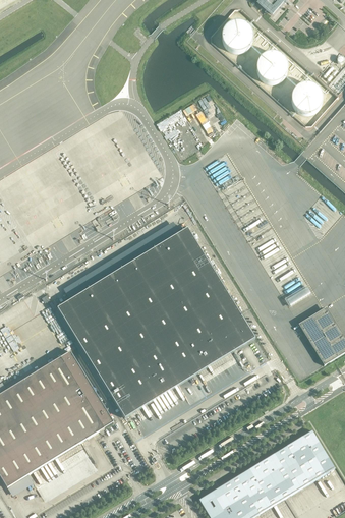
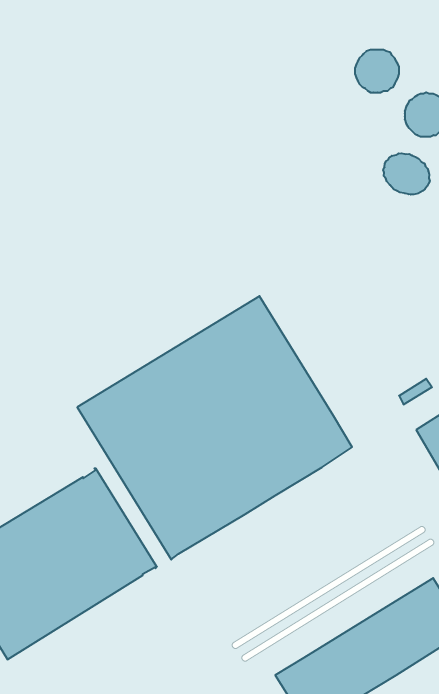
building: [221,20,253,52] -> none
building: none -> [383,153,430,195]

